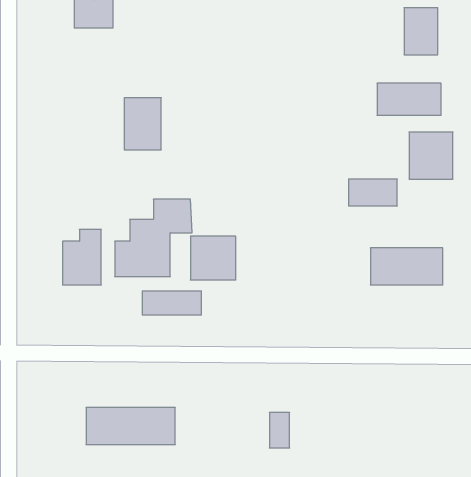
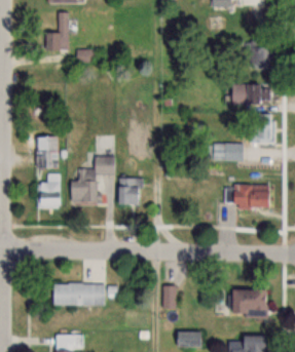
building: [124,98,161,150] -> [37,136,60,168]
building: [142,291,201,315] -> none
building: none -> [231,291,267,316]

